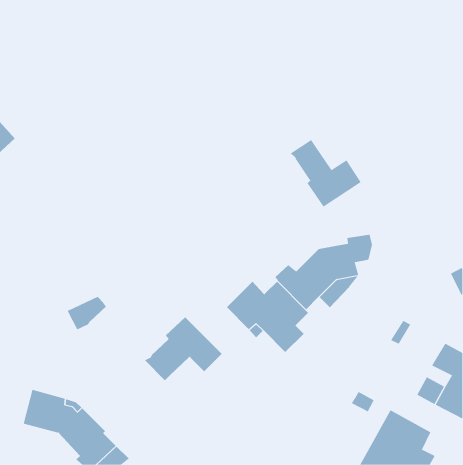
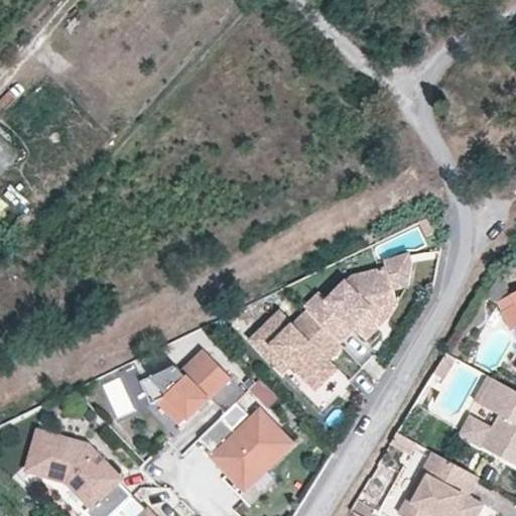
building: [290,139,361,207] -> none
building: [67,296,107,330] -> [141,364,185,401]
building: none -> [199,410,290,484]

